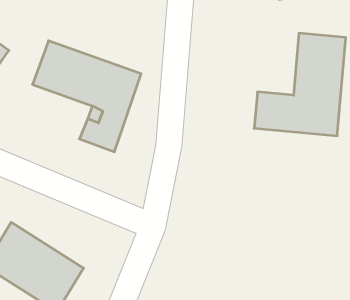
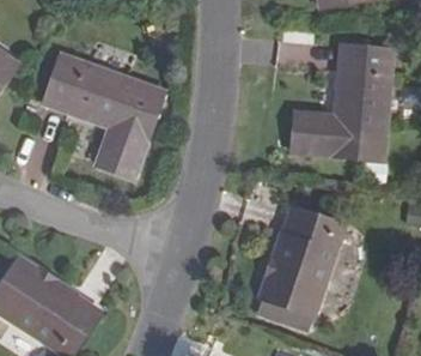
building: none -> [260,206,344,327]

